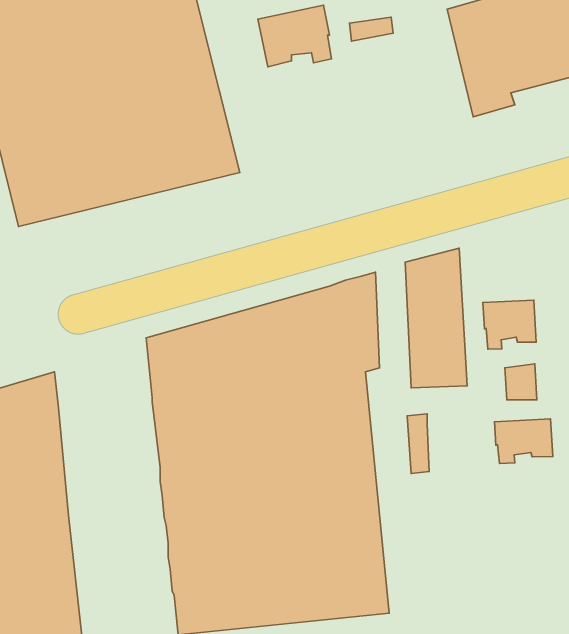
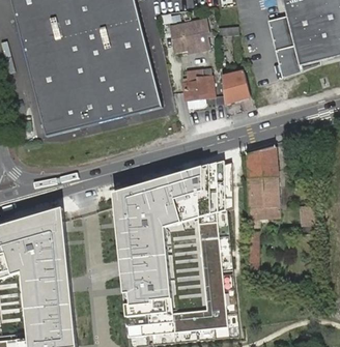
building: none -> [182,69,214,109]
building: none -> [221,70,249,103]
building: [483,300,536,349] -> none
building: [494,419,553,463] -> none

